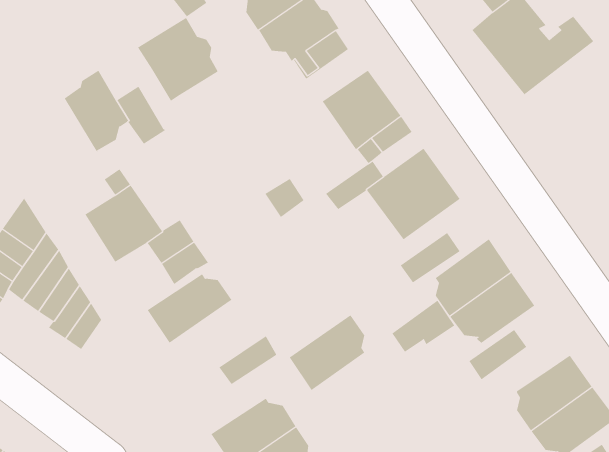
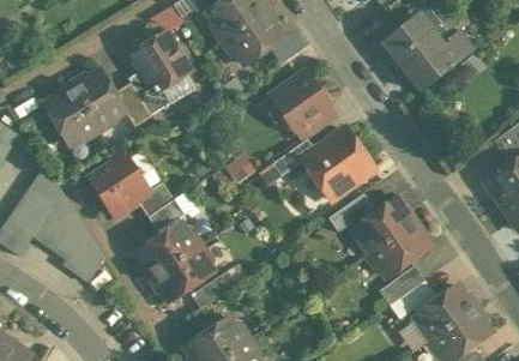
building: none -> [129,70,171,114]
building: none -> [44,91,101,143]
building: [392,300,455,352] -> [390,278,437,318]
building: [289,314,365,391] -> [155,243,212,301]

